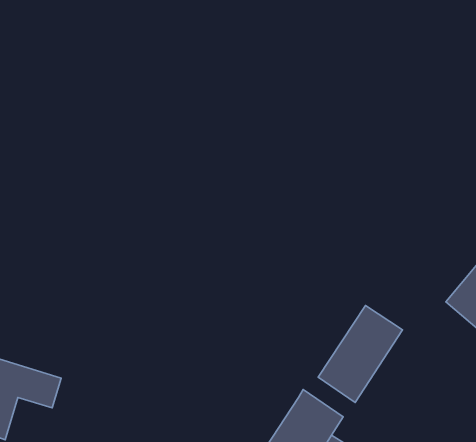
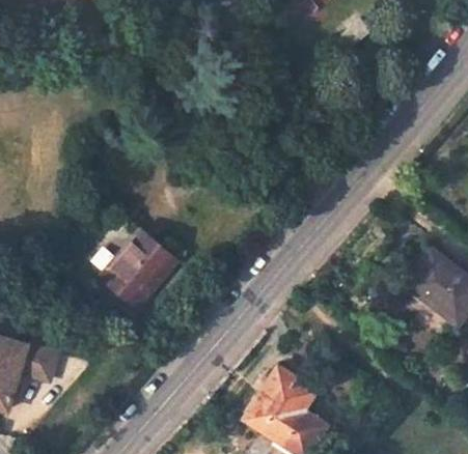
building: none -> [102,228,177,307]
building: [318,306,403,403] -> none

